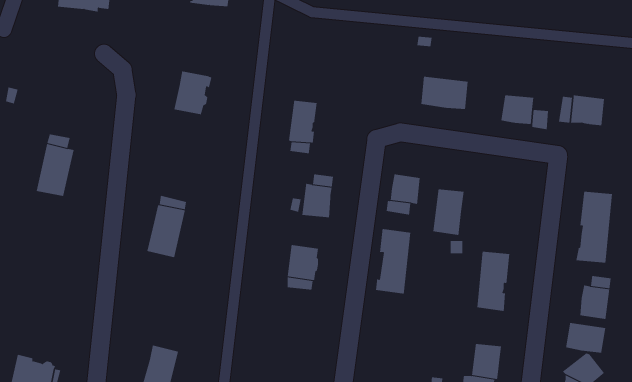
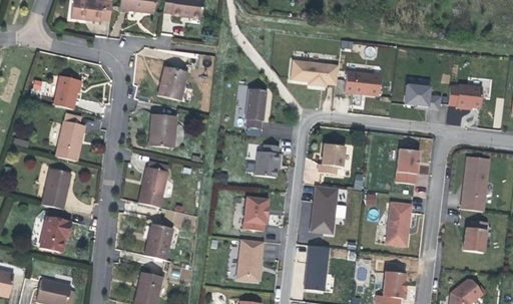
building: none -> [291,60,338,84]
building: none -> [53,75,79,108]
building: none -> [150,113,176,147]
building: [432,189,465,236] -> [395,148,419,184]
building: none -> [42,169,71,209]
building: none -> [39,216,70,252]
building: none -> [144,224,173,260]
building: none -> [236,239,264,280]
building: none -> [304,245,329,291]
building: [566,322,606,353] -> none

